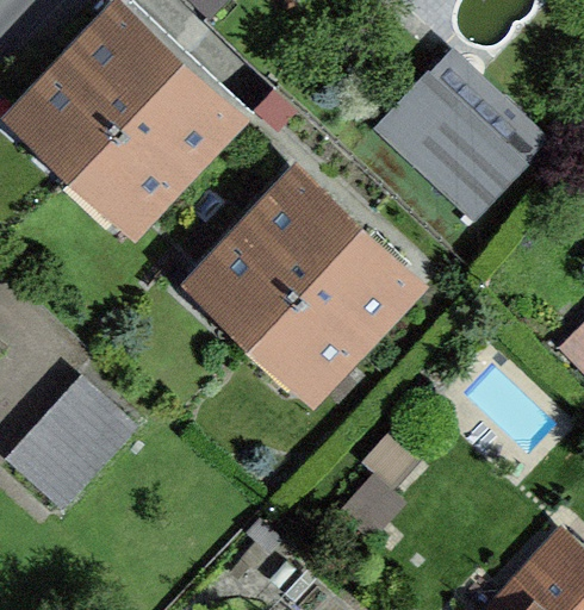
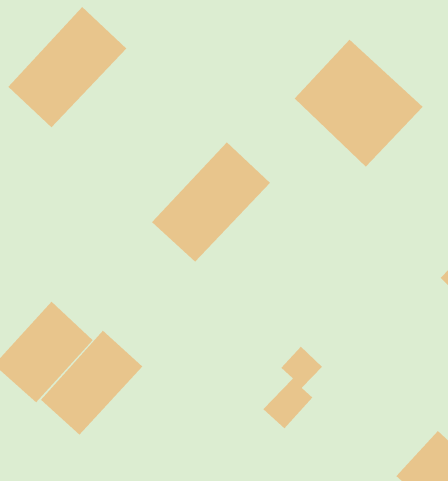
building: [80,63,228,213] -> none
building: [259,230,408,380] -> none
building: none -> [40,330,143,436]

